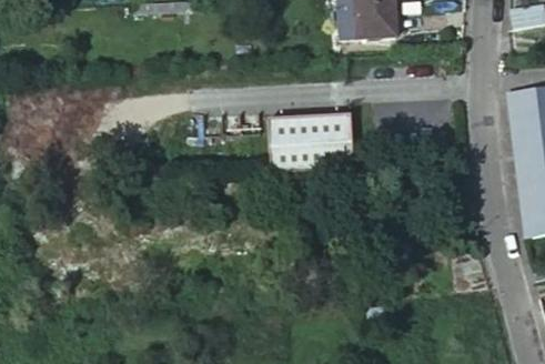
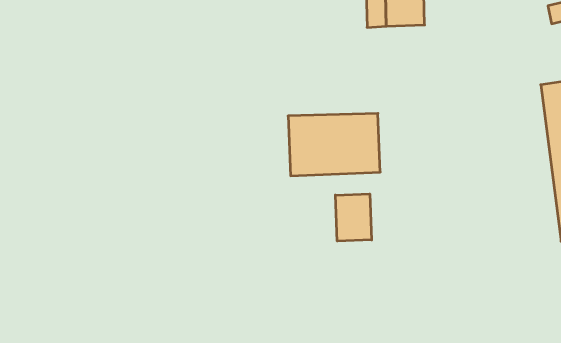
building: none -> [335,194,372,241]

